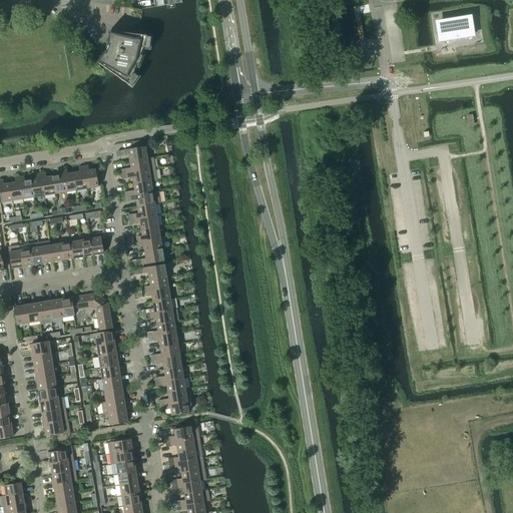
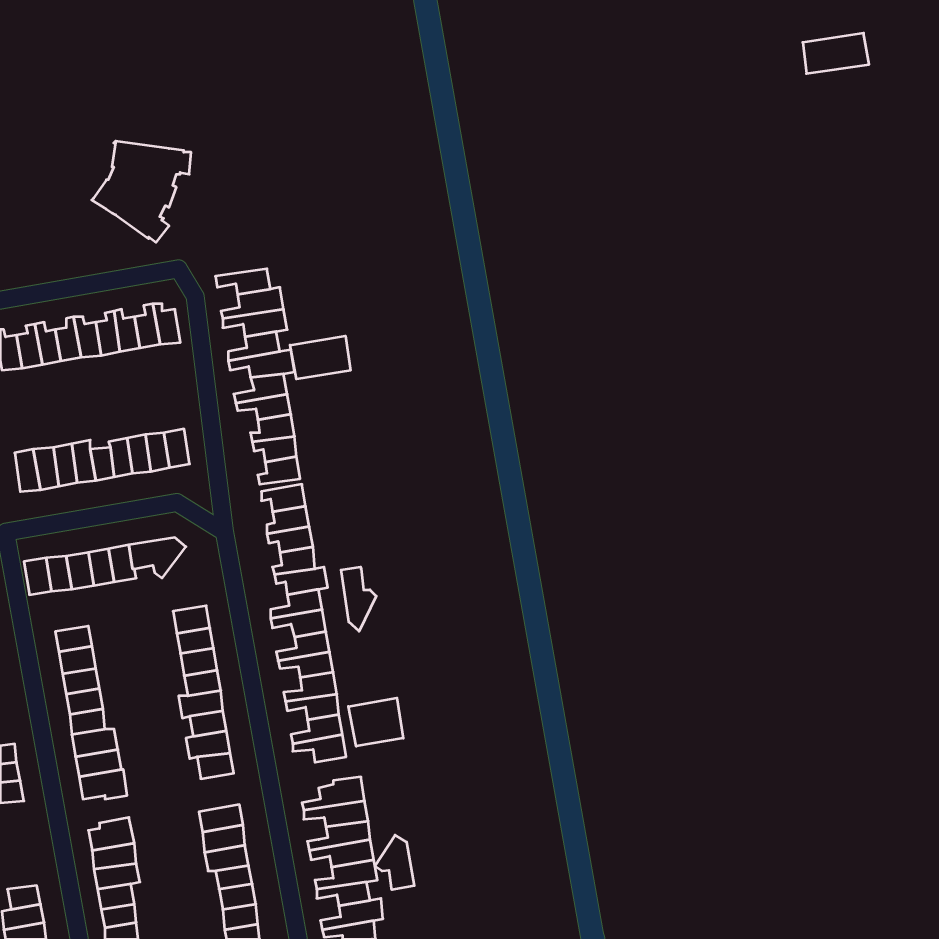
building: [97,30,151,85] -> [92,141,191,242]
building: none -> [290,336,350,379]
building: [89,298,113,329] -> none
building: none -> [341,567,376,631]
building: none -> [348,698,403,746]
building: none -> [375,835,414,890]

